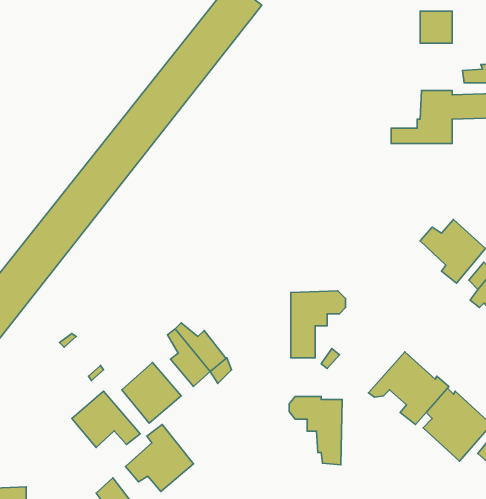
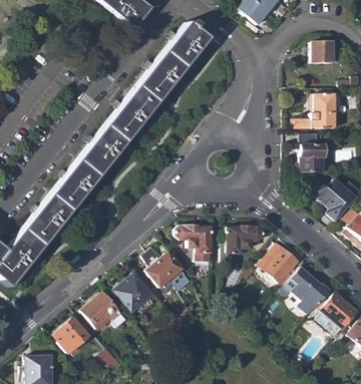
building: none -> [300,144,322,171]
building: none -> [261,243,299,282]
building: [289,396,342,465] -> [177,225,213,270]
building: [125,424,193,492] -> none
building: none -> [53,316,90,353]

